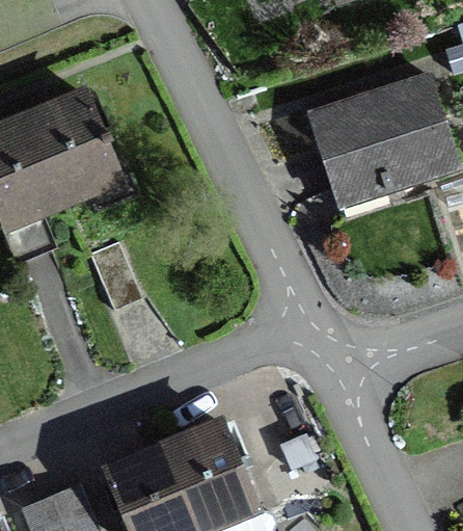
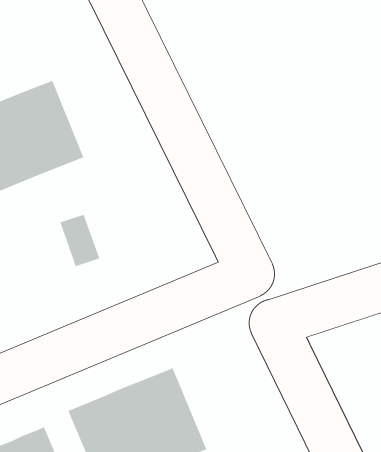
building: [304,78,452,200] -> none

